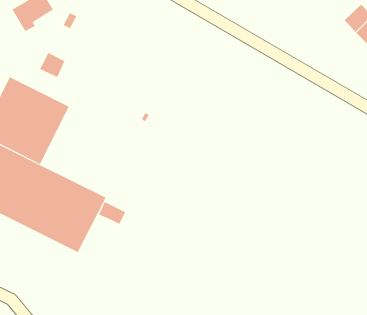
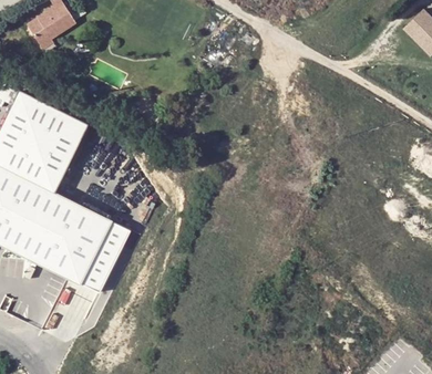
building: [40,52,65,78] -> none
building: [98,201,126,225] -> none

